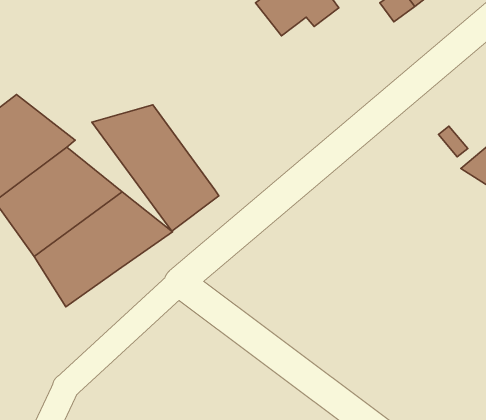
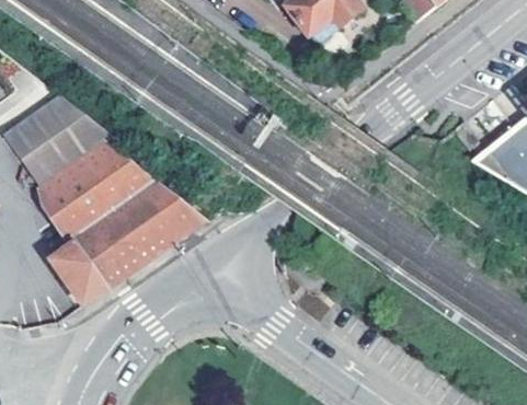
building: [92,105,219,231] -> none
building: none -> [50,242,104,305]

